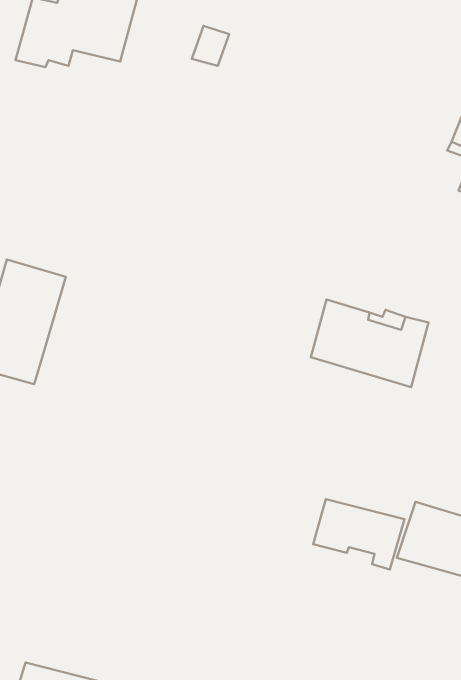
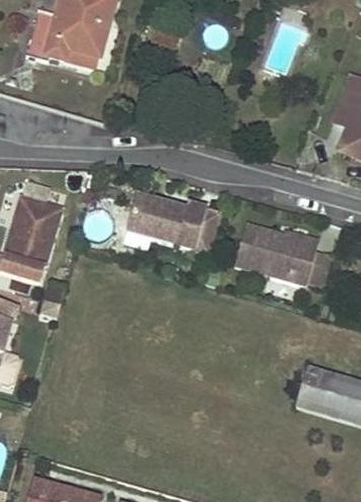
building: none -> [126,195,207,250]
building: [313,499,404,570] -> none

